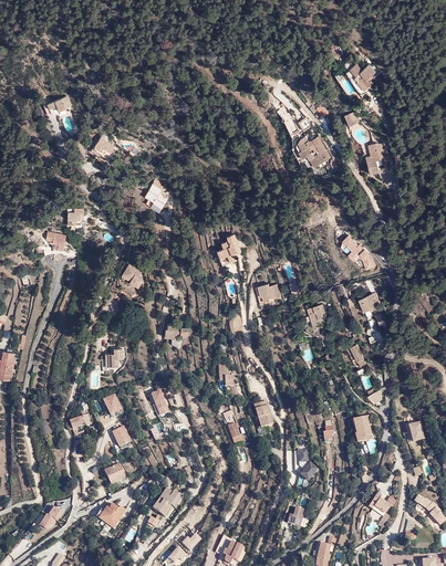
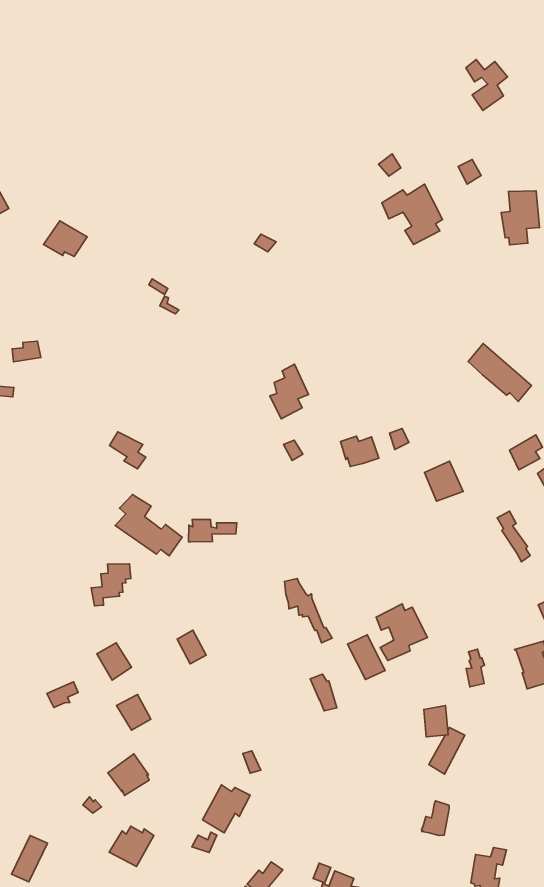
building: none -> [115,494,182,556]
building: none -> [376,604,428,660]

